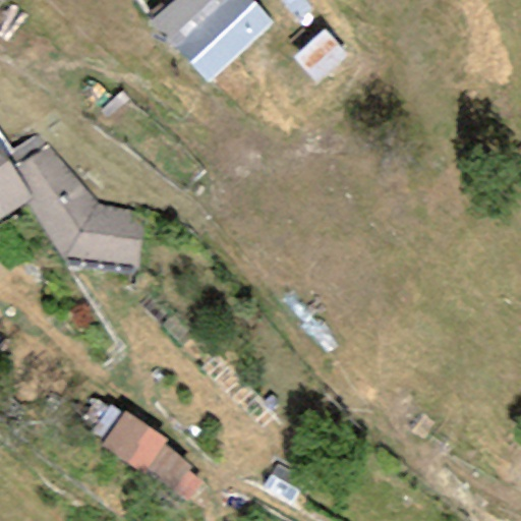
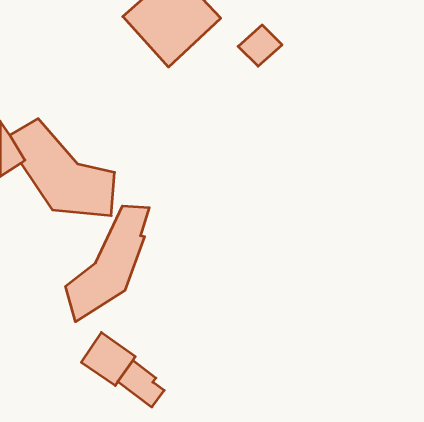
building: none -> [66,206,149,322]

